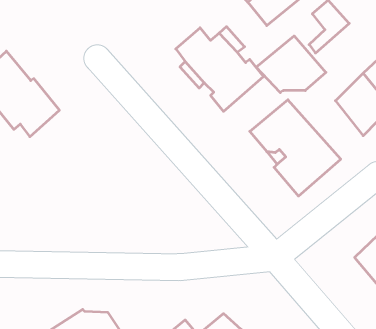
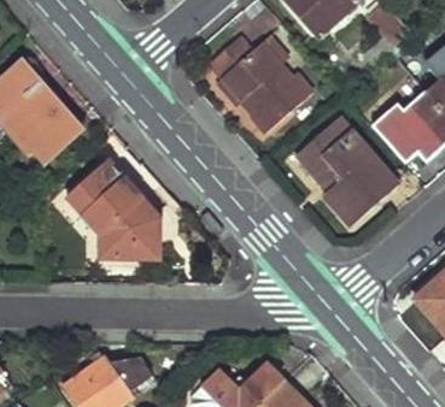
building: [256,36,326,93] -> none
building: none -> [68,160,159,259]

